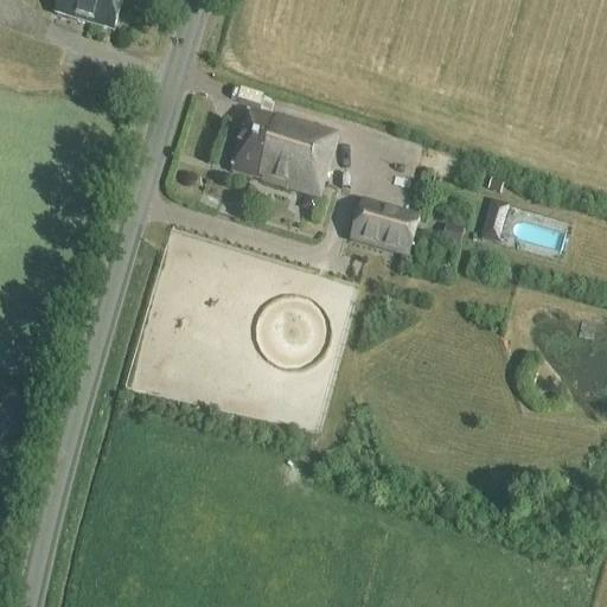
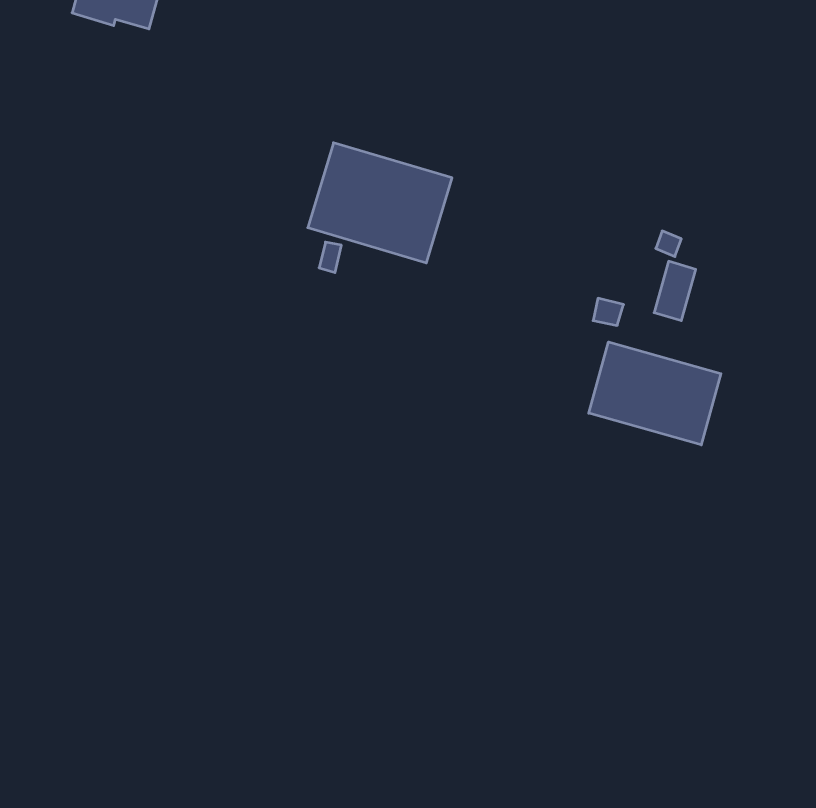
building: [347,198,416,254] -> none
building: none -> [589,342,721,445]

